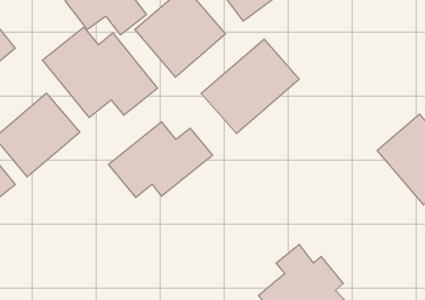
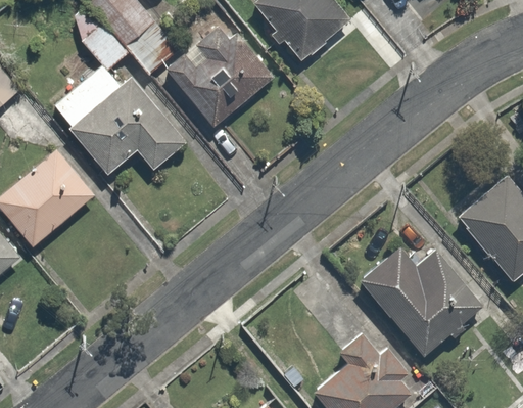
building: [201,39,299,134] -> none
building: [109,122,212,197] -> none
building: none -> [361,245,486,359]

